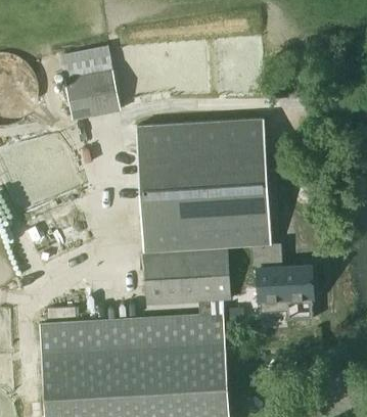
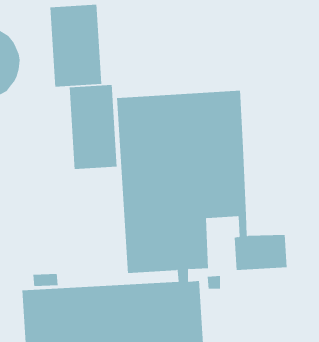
building: none -> [69,84,117,170]

